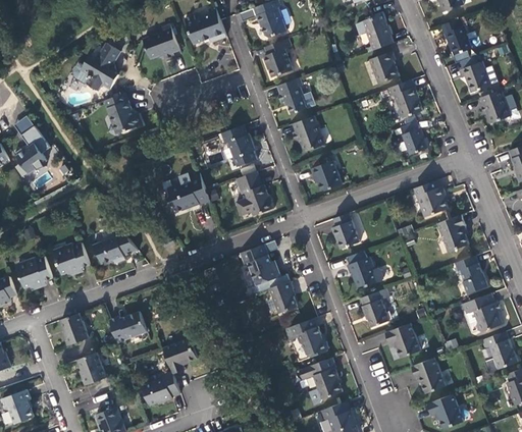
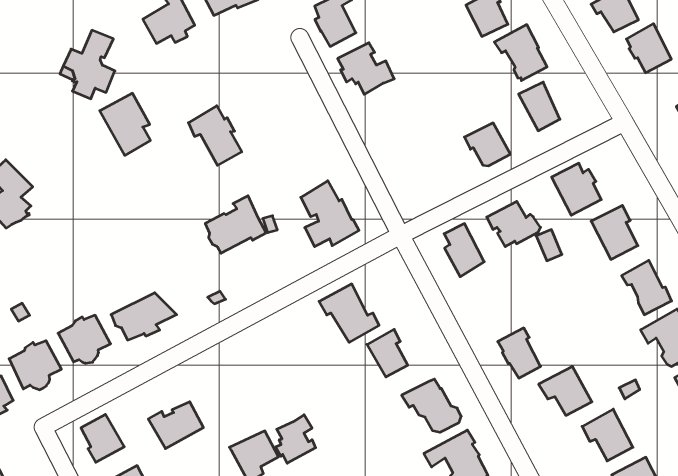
building: [292,115,323,151] -> none
building: [221,124,256,166] -> [188,106,242,165]
building: [310,161,341,191] -> [464,123,510,166]
building: [348,257,384,287] -> [487,201,541,247]
building: none -> [276,415,316,463]

